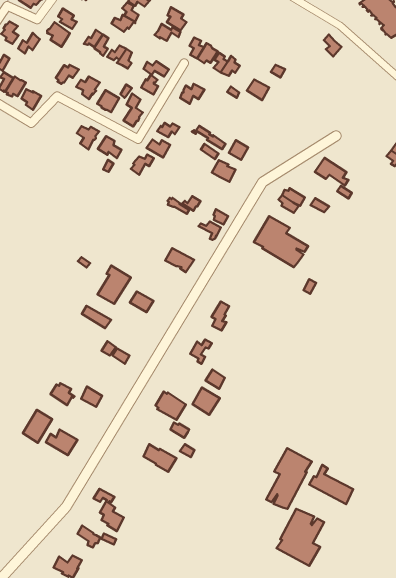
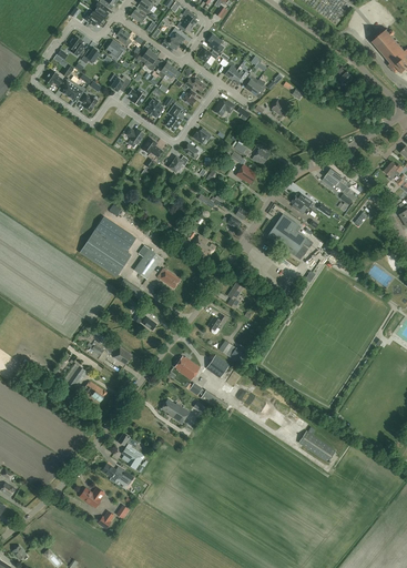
building: none -> [80,229,132,276]
building: [266,448,312,509] -> none
building: [276,509,324,566] -> none

